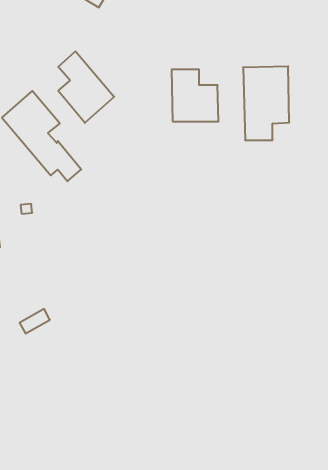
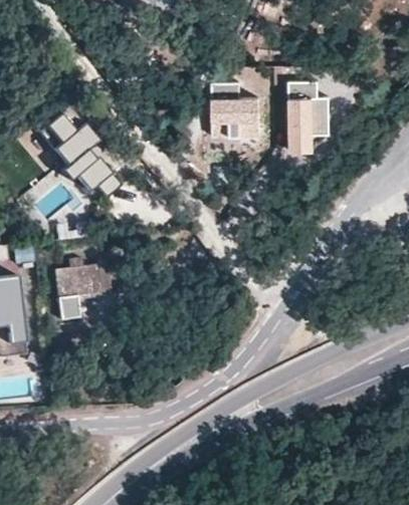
building: [58,51,114,123] -> none
building: none -> [56,258,113,320]

